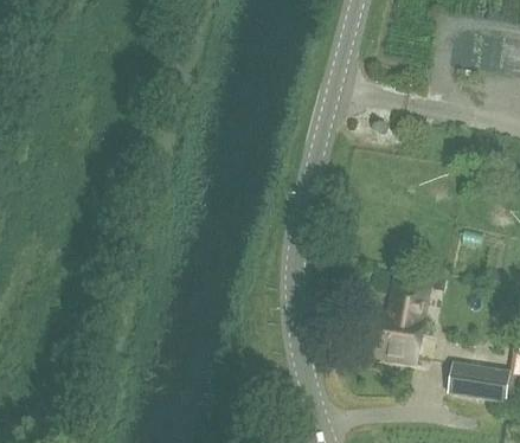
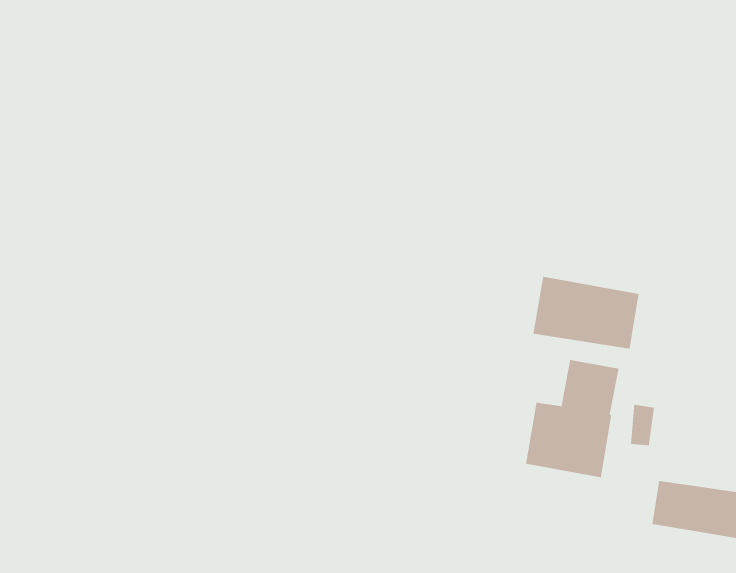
building: none -> [532,276,639,349]

